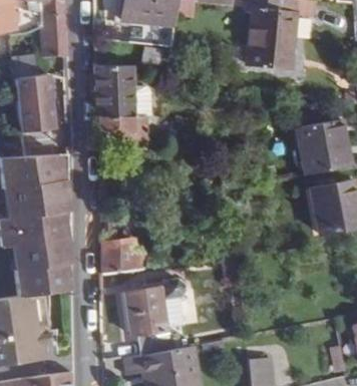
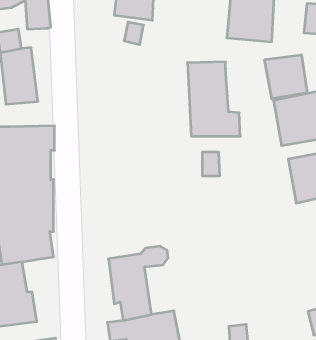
building: [94,64,148,140] -> [187,62,240,136]
building: none -> [265,55,307,99]
building: [102,237,138,273] -> none

